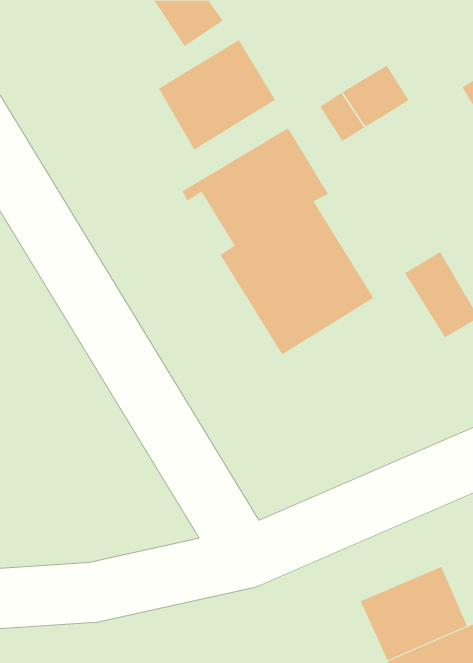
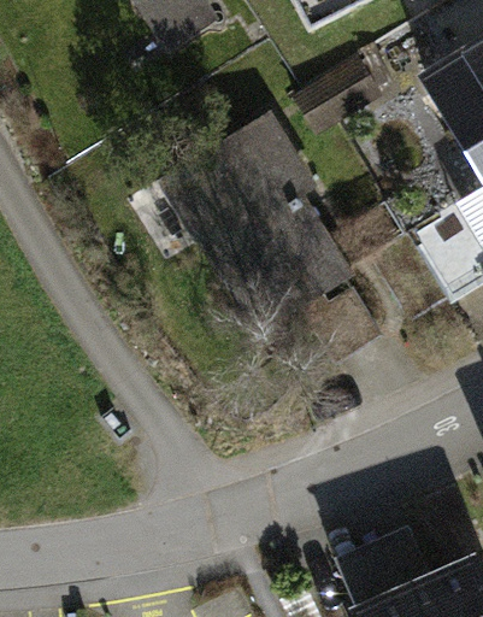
building: [158,39,276,150] -> none

